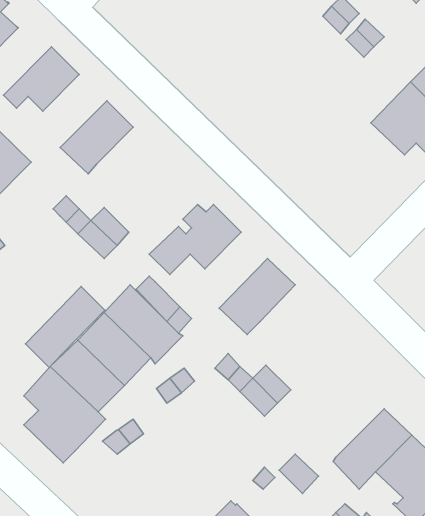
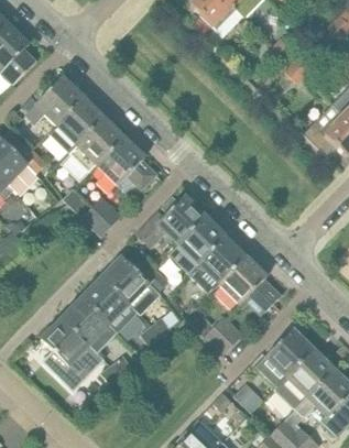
building: none -> [47,97,103,152]
building: none -> [96,136,155,189]
building: none -> [168,216,225,273]
building: none -> [219,255,281,310]
building: [26,286,105,367] -> none
building: none -> [255,328,313,385]

